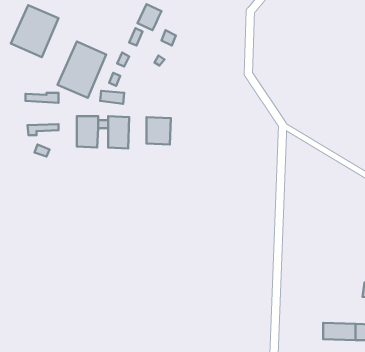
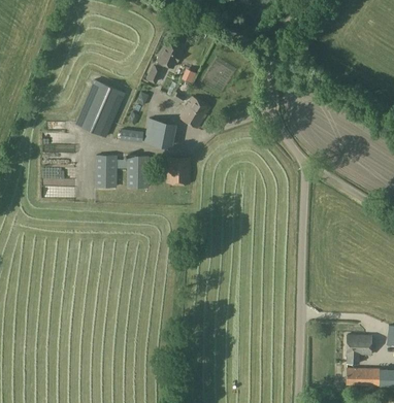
building: [11,5,58,57] -> none
building: none -> [179,97,209,128]
building: none -> [145,117,173,146]
building: none -> [347,336,371,363]

